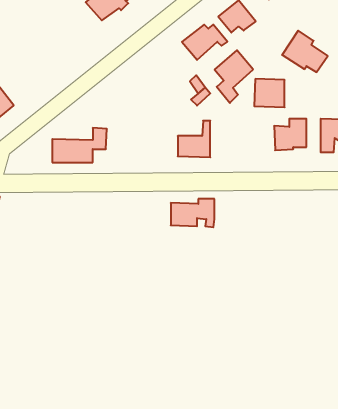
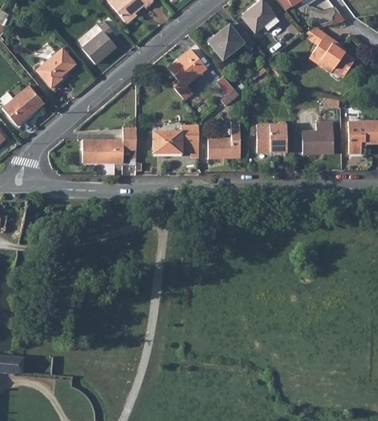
building: none -> [84,22,117,66]
building: none -> [39,52,78,90]
building: [215,50,253,103] -> [169,50,207,102]
building: [254,79,285,107] -> [253,125,283,153]
building: [171,199,214,227] -> [152,127,195,155]

